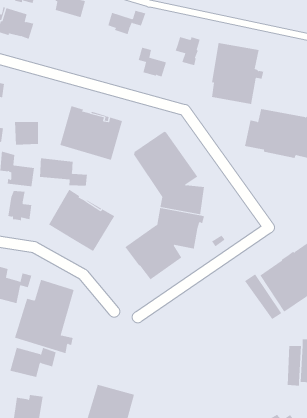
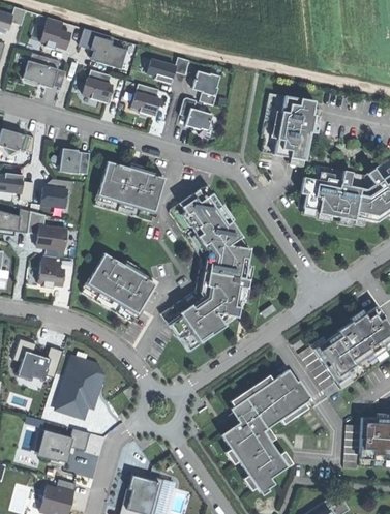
building: none -> [82,70,112,103]
building: none -> [131,84,159,117]
building: [175,37,200,66] -> [191,72,219,104]
building: none -> [59,149,89,175]
building: [39,158,87,187] -> none
building: none -> [220,367,308,492]

